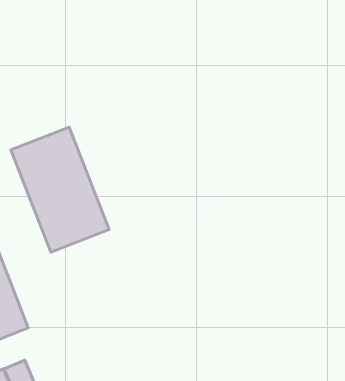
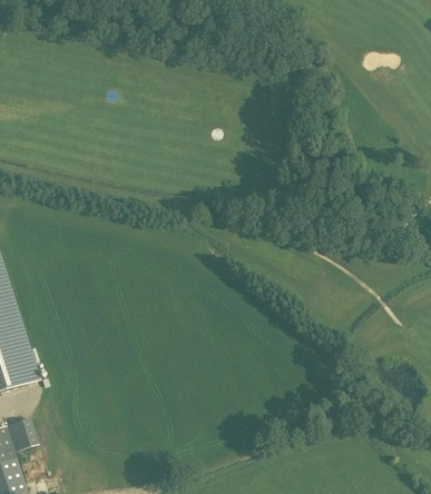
building: [11,127,109,252] -> none

